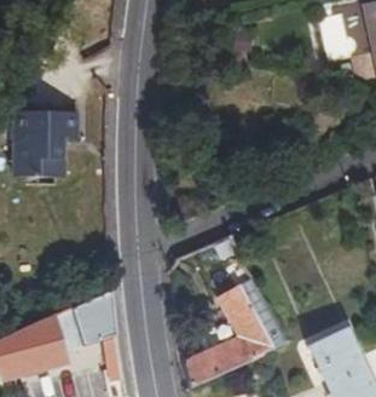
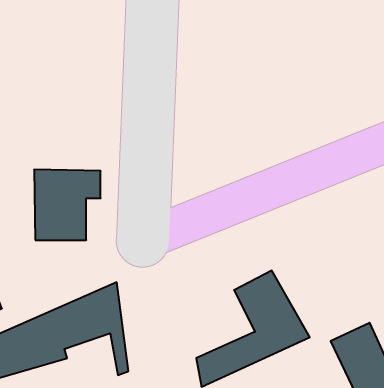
building: [15,110,76,176] -> [34,170,101,240]

